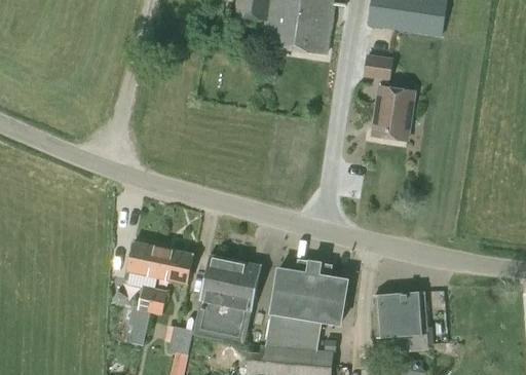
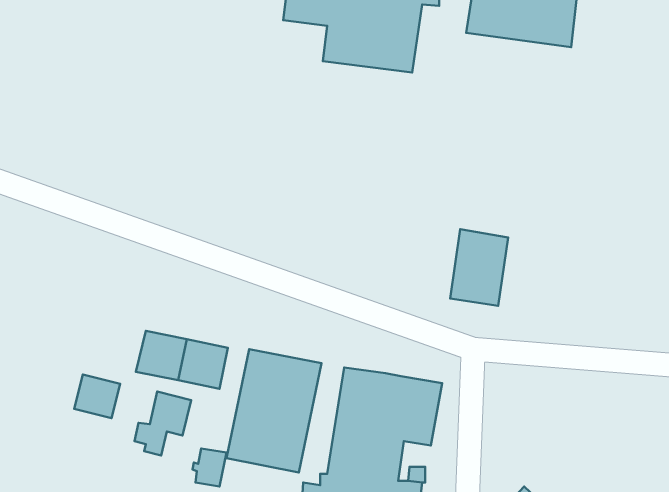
building: [364,52,394,80] -> none
building: [373,84,415,140] -> [450,229,508,306]
building: none -> [74,375,120,418]
building: [374,291,427,351] -> none

